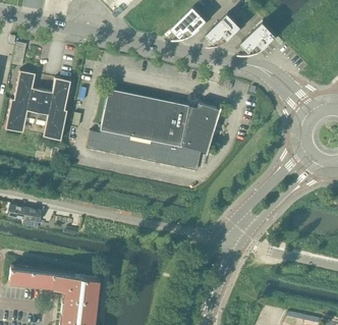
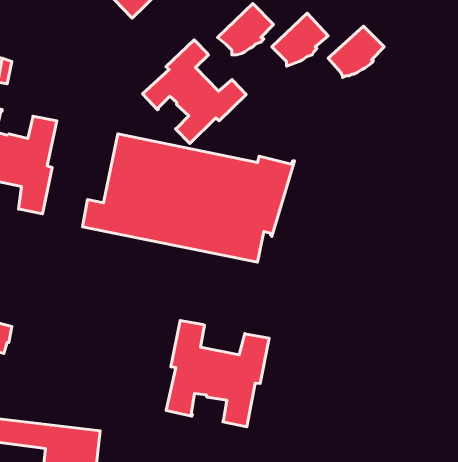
building: none -> [142,40,246,144]
building: none -> [166,320,269,427]

